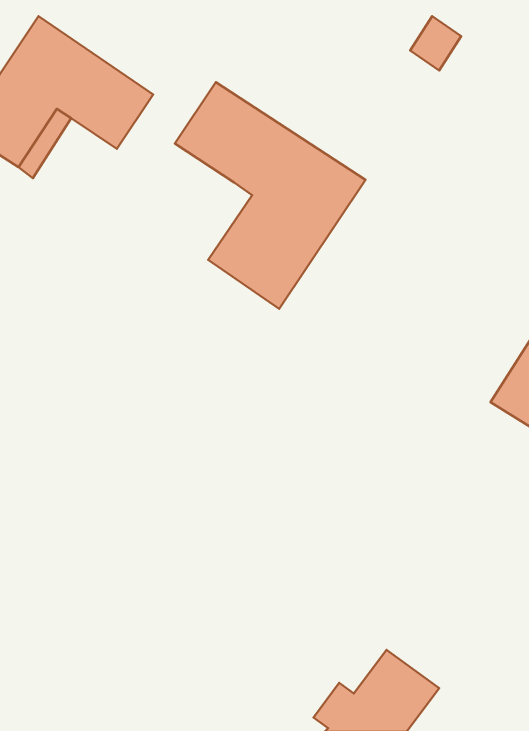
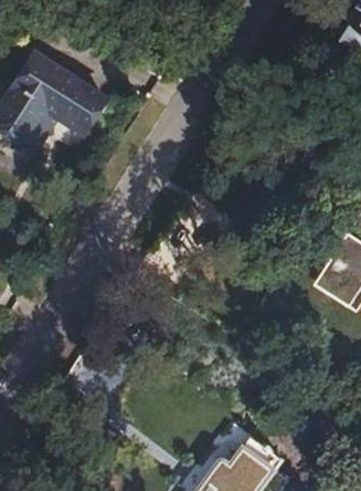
building: [175,82,365,309] -> none

